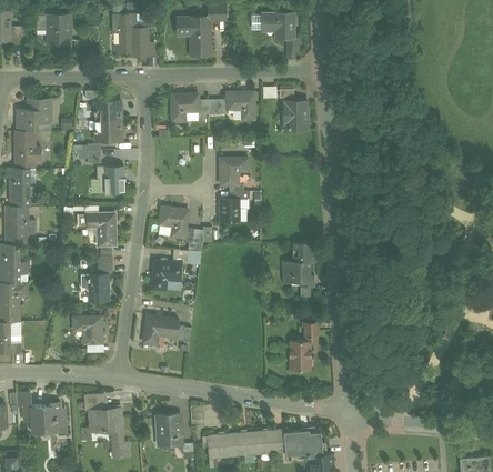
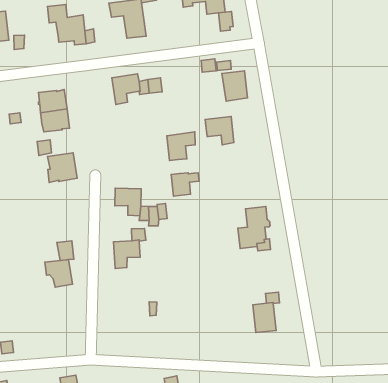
building: [227,92,253,120] -> [205,117,234,145]
building: [85,212,114,245] -> none
building: [143,315,178,344] -> none
building: [72,317,101,343] -> none

